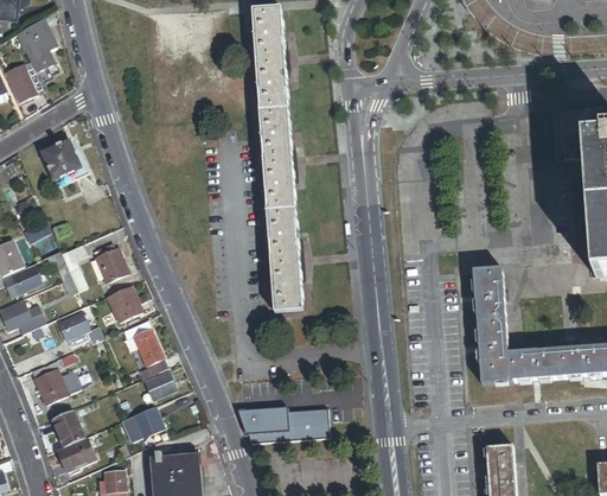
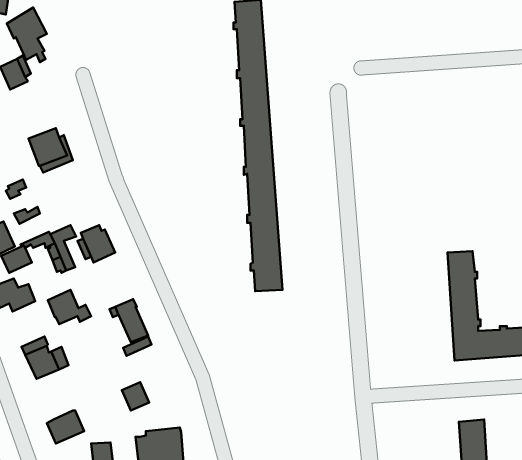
building: [107,285,142,322] -> none
building: [145,371,178,400] -> none
building: [239,408,328,444] -> none
building: [52,409,84,446] -> none

